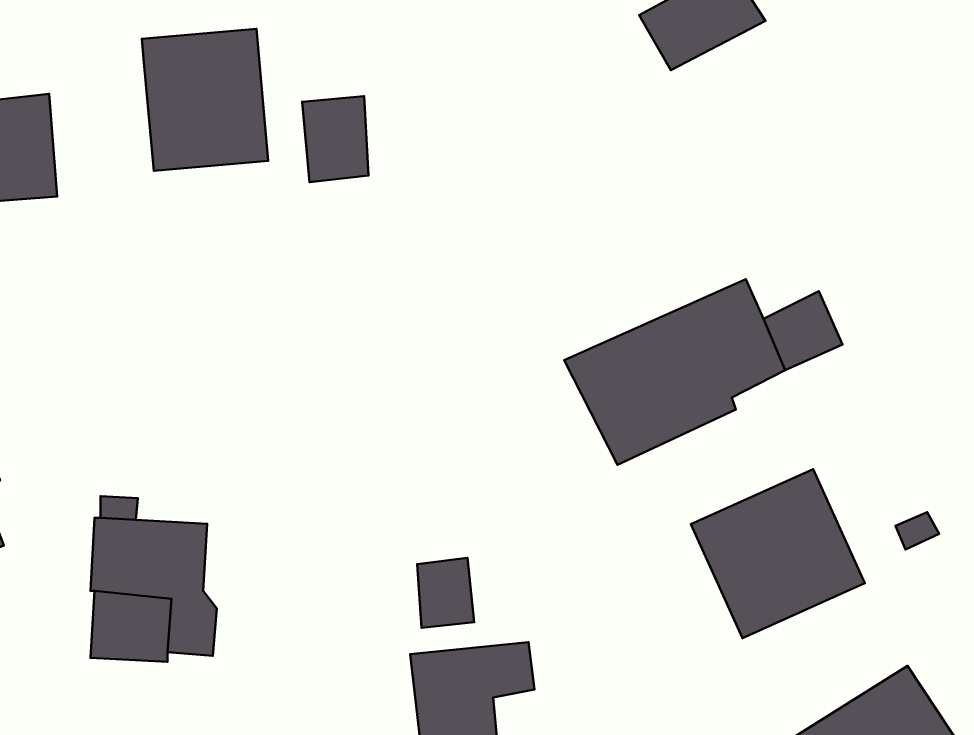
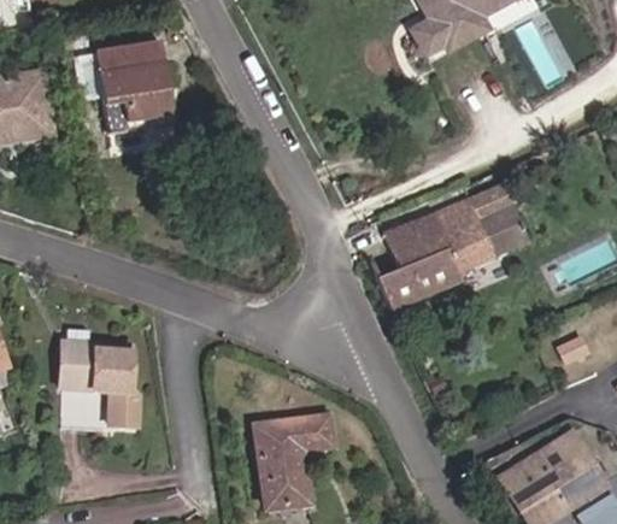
building: [302,96,369,182] -> none
building: [691,469,865,638] -> none
building: [417,558,474,628] -> none

